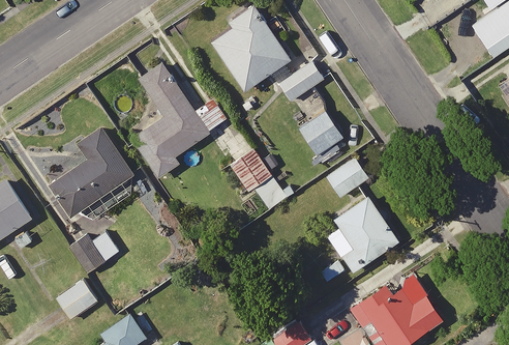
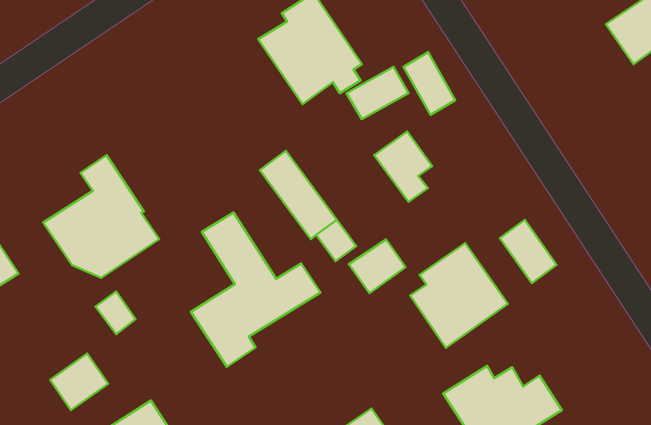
building: none -> [403,52,455,115]
building: [130,62,228,178] -> [191,213,320,367]
building: [326,157,368,198] -> [349,239,405,293]
building: none -> [500,220,557,283]

